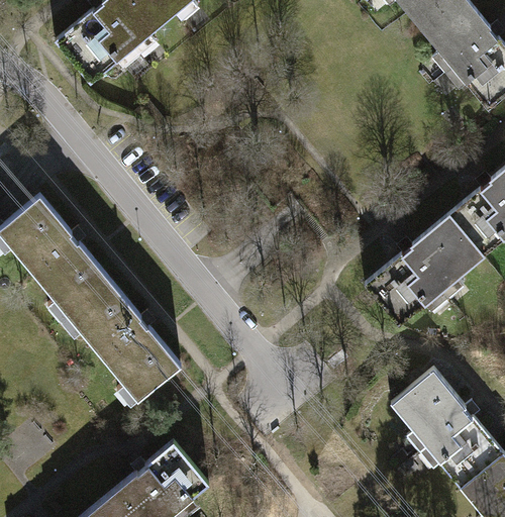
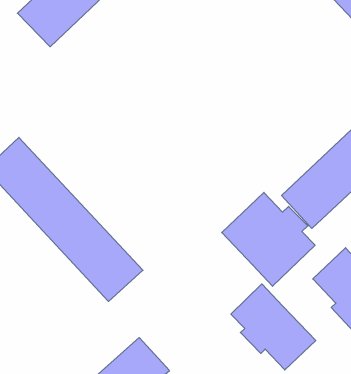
building: none -> [222,192,315,286]
building: none -> [231,284,316,370]

